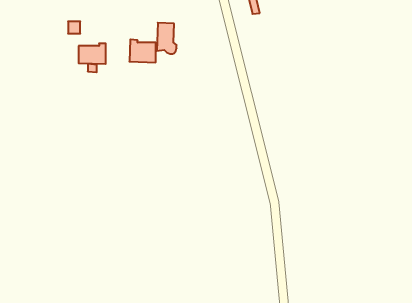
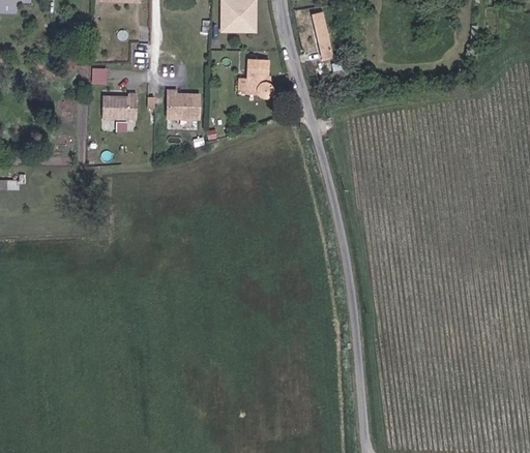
building: [157,23,177,54] -> [245,61,270,100]

